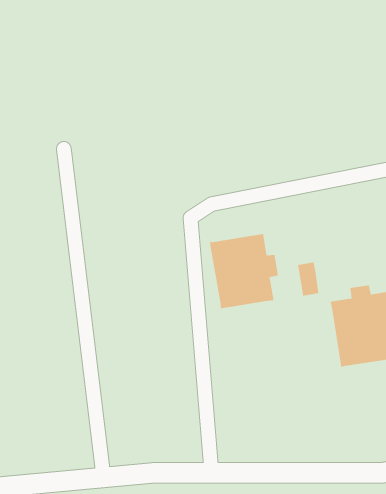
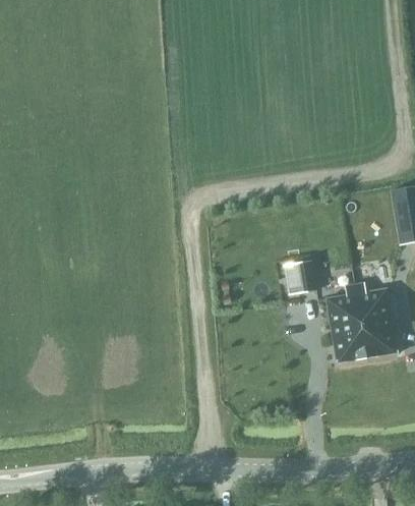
building: [209,233,278,310] -> none

